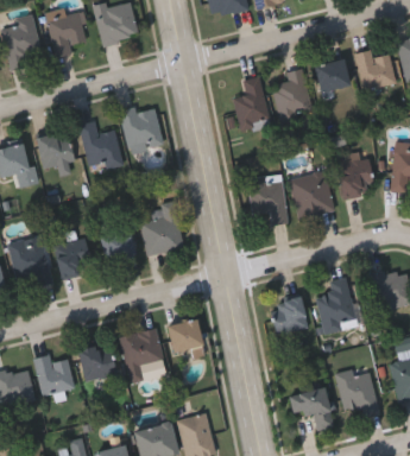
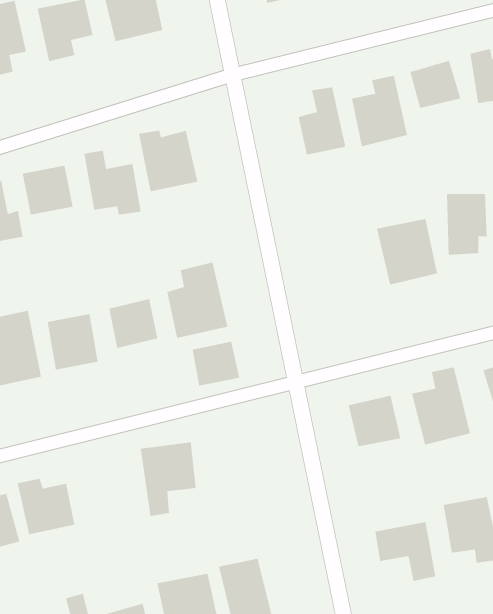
building: [248,172,288,223] -> none
building: [168,319,202,352] -> [192,341,240,386]
building: [77,341,116,382] -> none

